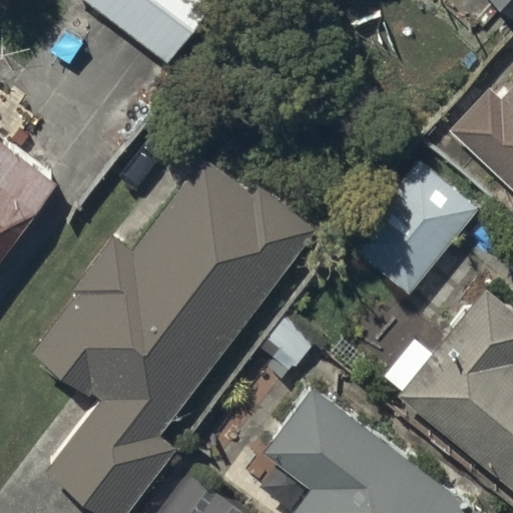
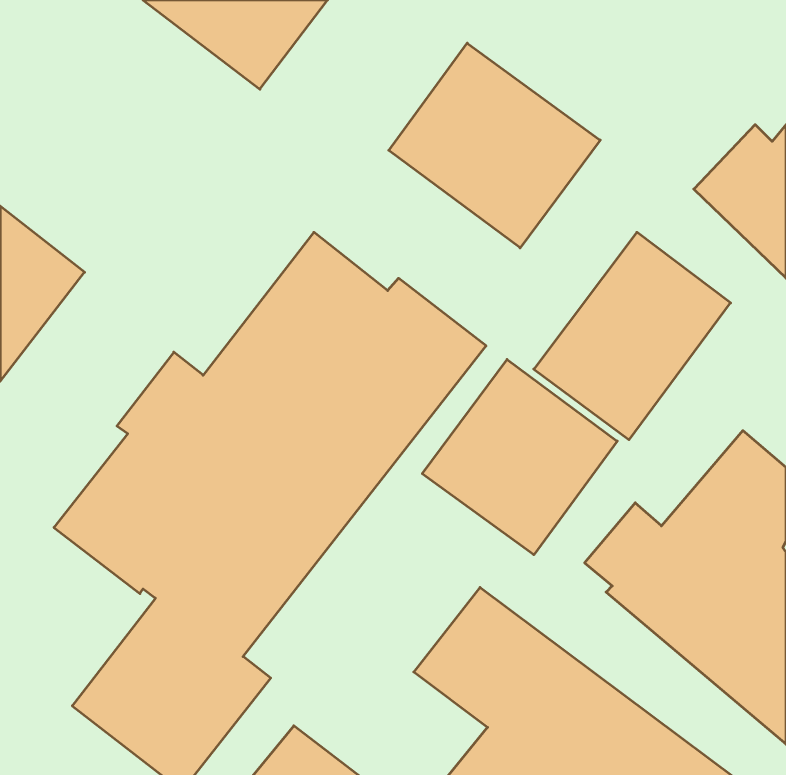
building: none -> [389,43,600,248]
building: none -> [422,359,617,555]

